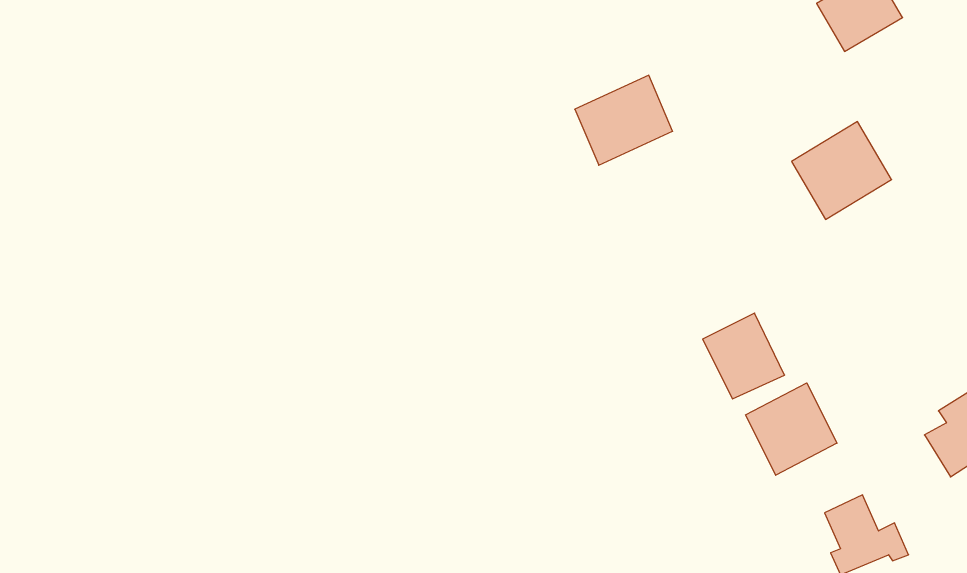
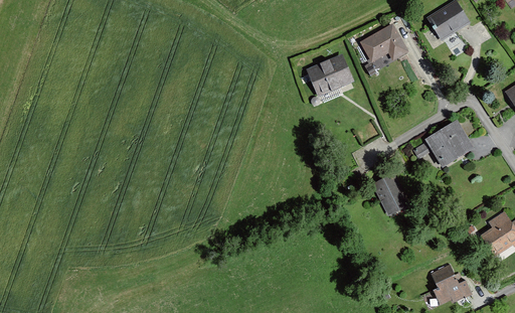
building: none -> [360,24,407,62]
building: [792,122,892,219] -> [422,119,473,168]
building: [746,383,837,475] -> none

